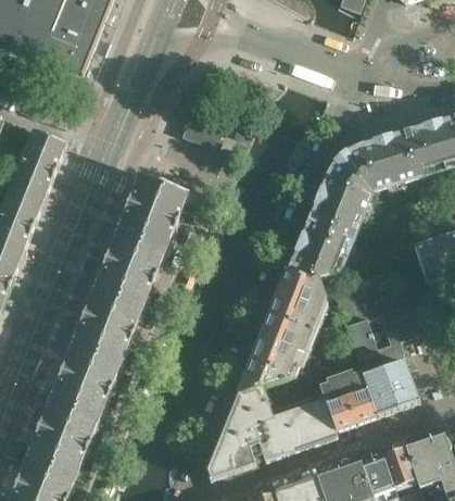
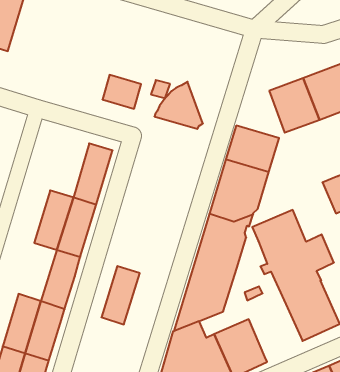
building: [324,141,376,193] -> [154,82,203,129]
building: [115,173,162,240] -> none
building: [72,286,117,350] -> [101,266,140,324]
building: [319,371,377,430] -> none

